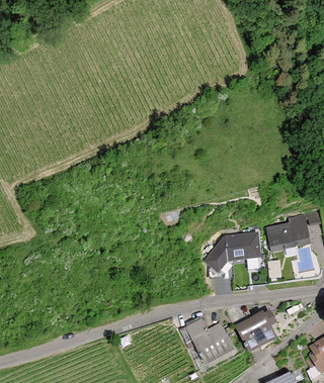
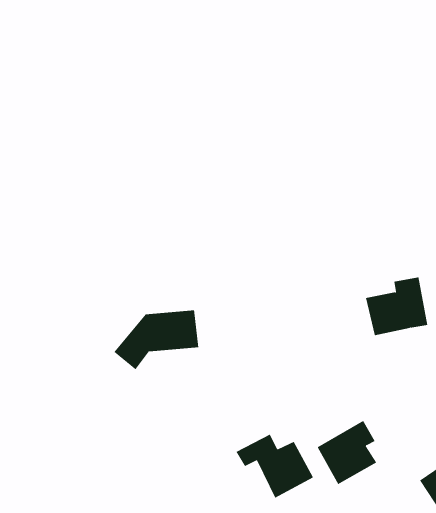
building: [205,229,262,270] -> [113,310,199,370]

